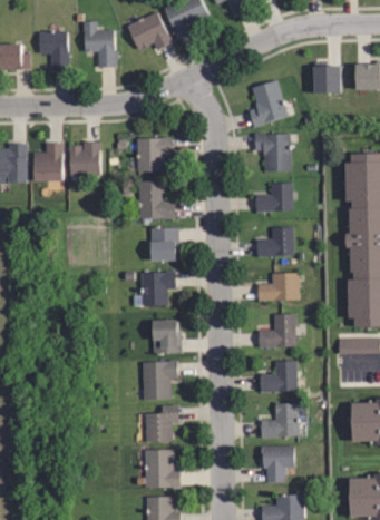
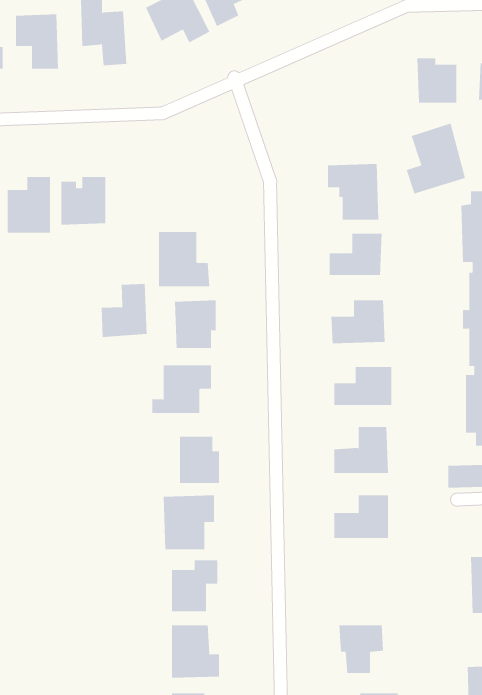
building: [246,78,288,127] -> [406,123,466,194]
building: [135,139,169,173] -> none
building: none -> [101,283,147,338]
building: [260,401,298,438] -> none

